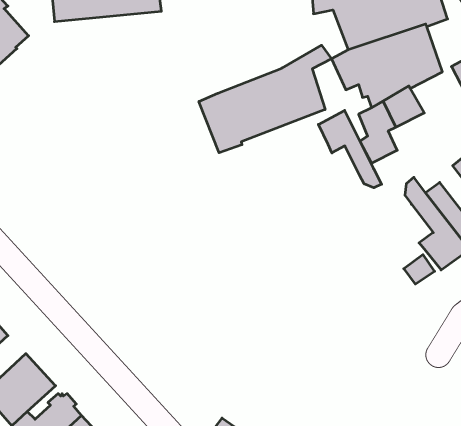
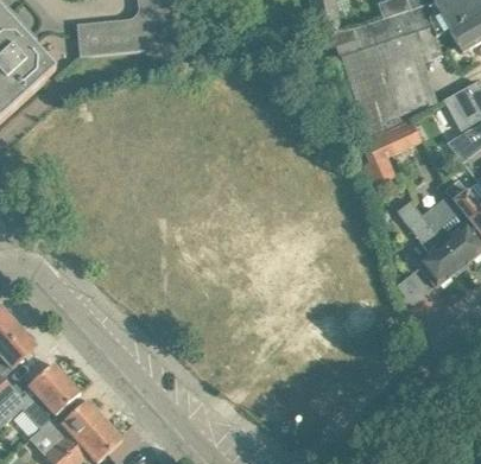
building: [199,45,331,153] -> none
building: [318,110,382,188] -> none

